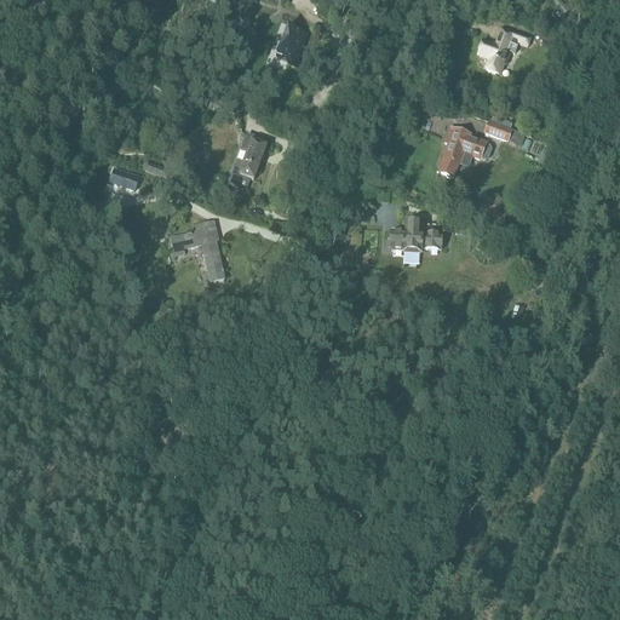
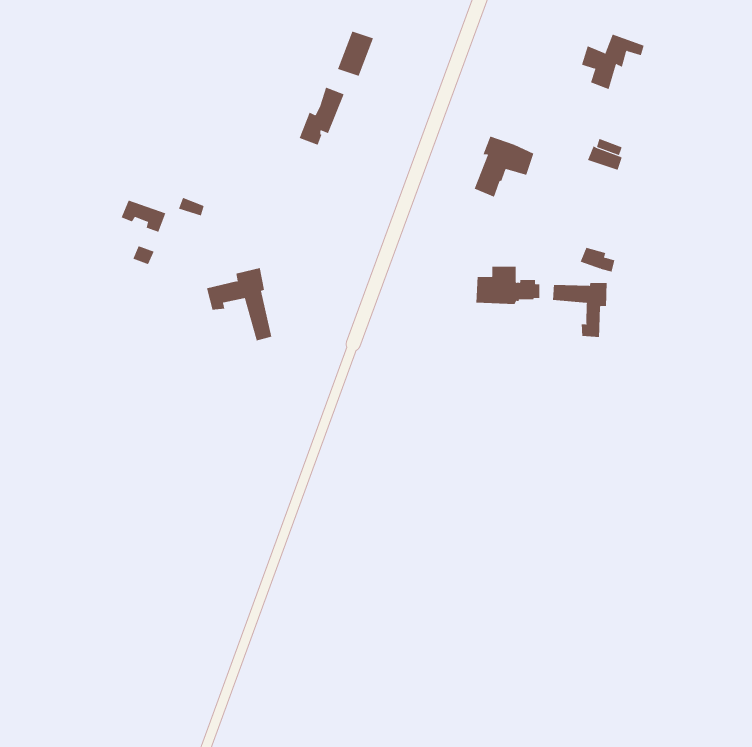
building: [437,126,487,177] -> [474,136,534,198]
building: [229,139,266,188] -> [299,87,345,146]
building: none -> [553,282,607,338]

